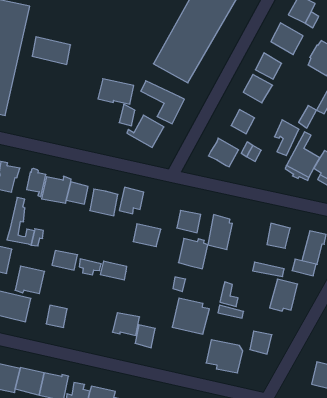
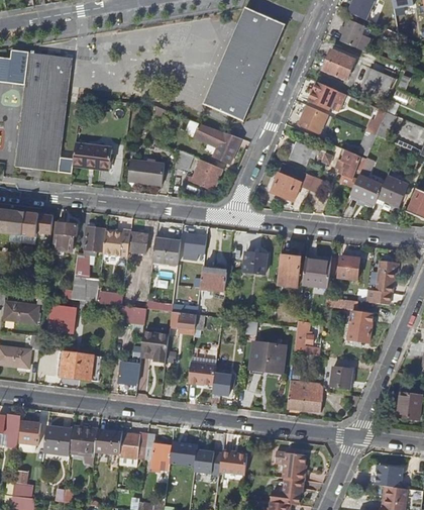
building: [32,37,71,64] -> [72,142,110,168]
building: [98,79,134,104] -> [127,159,163,182]
building: [178,238,208,269] -> [302,258,330,288]
building: [15,266,45,294] -> [140,332,169,360]

